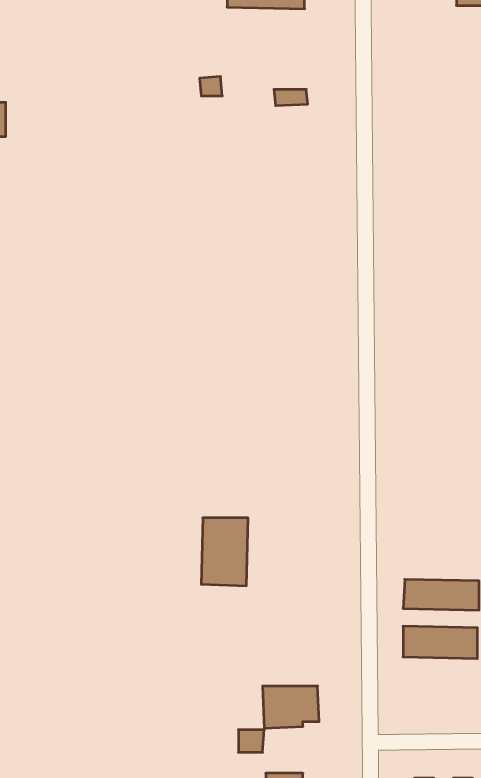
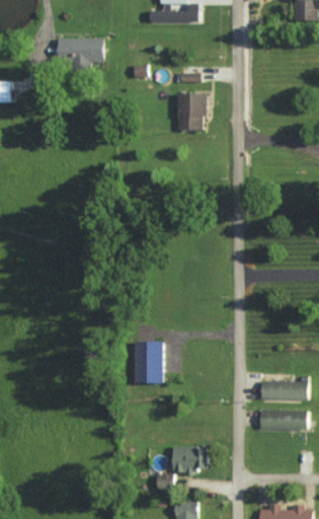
building: none -> [58,38,104,65]
building: none -> [177,93,207,130]

